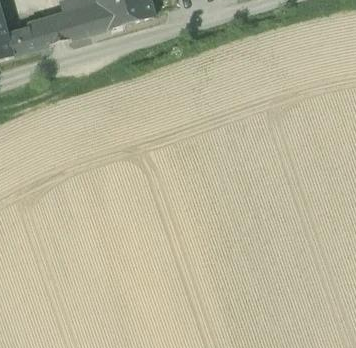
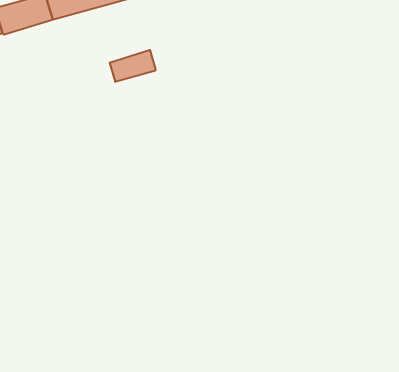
building: none -> [110,50,156,82]

